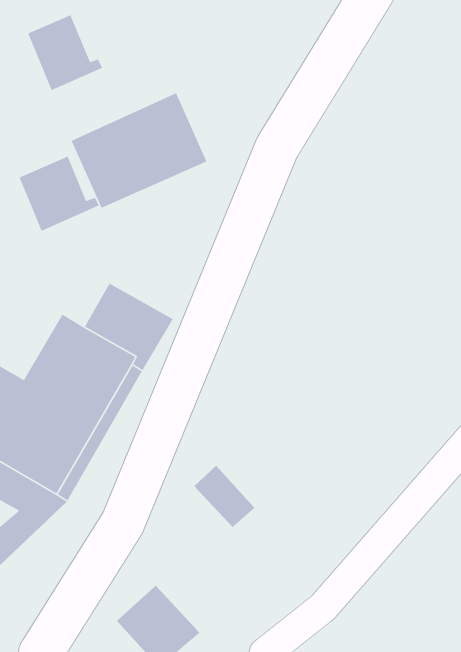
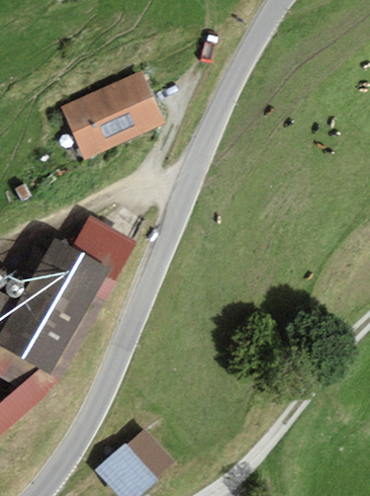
building: [27,14,103,91] -> none
building: [19,156,100,232] -> none
building: [193,465,255,528] -> [126,429,173,477]

